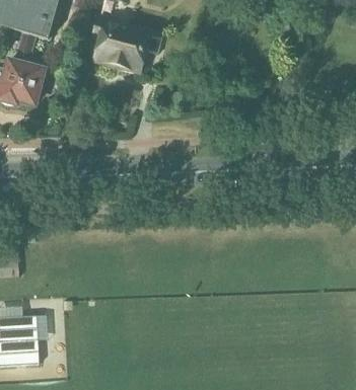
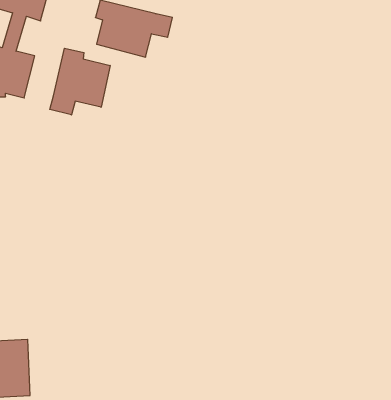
building: none -> [50,48,110,115]

